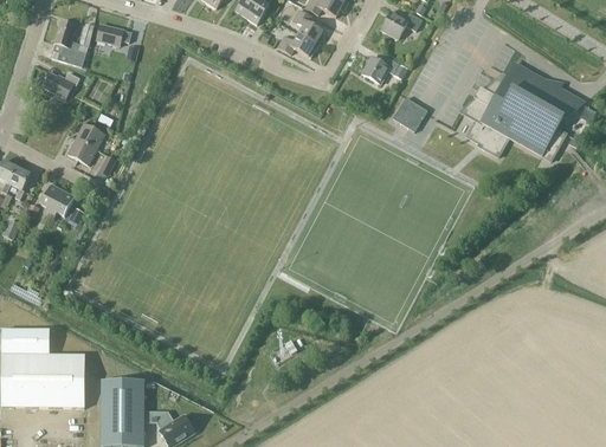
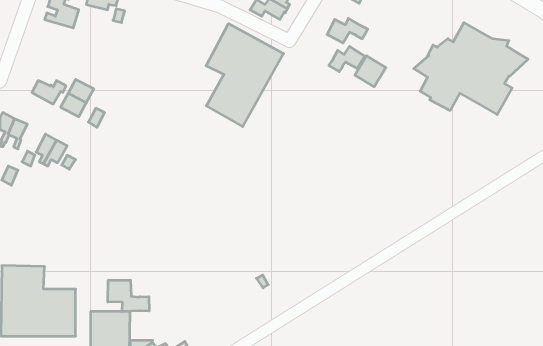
building: none -> [206,24,284,127]
building: [41,72,79,98] -> [32,81,66,104]
building: none -> [329,46,365,72]
building: none -> [108,280,149,312]

